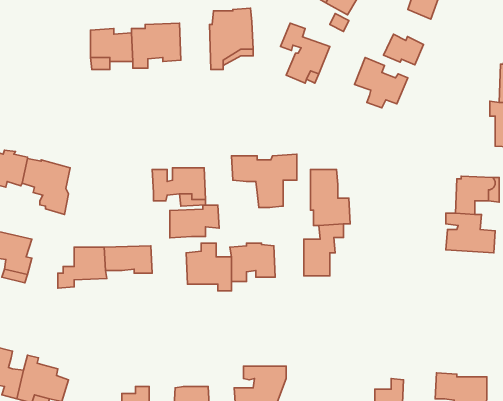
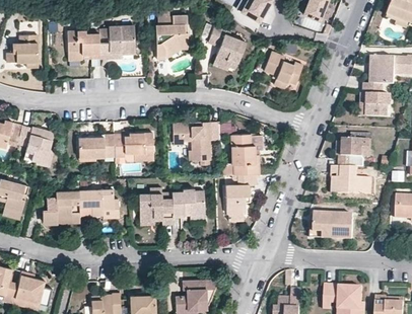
building: [384,34,424,65] -> none
building: none -> [6,35,38,68]
building: [170,205,219,238] -> [78,134,115,158]
building: none -> [311,214,353,241]

